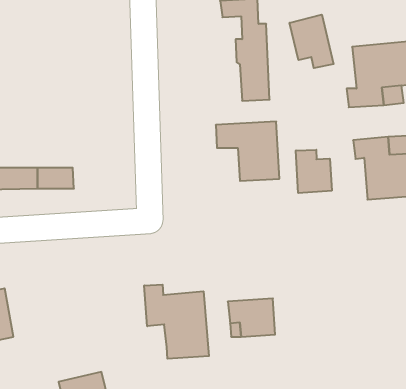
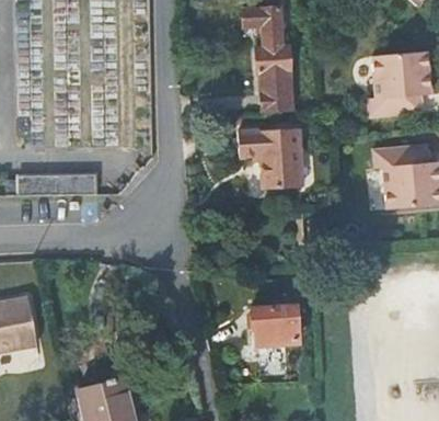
building: [290,15,334,68] -> none
building: [296,150,332,193] -> none
building: [144,285,209,359] -> none

